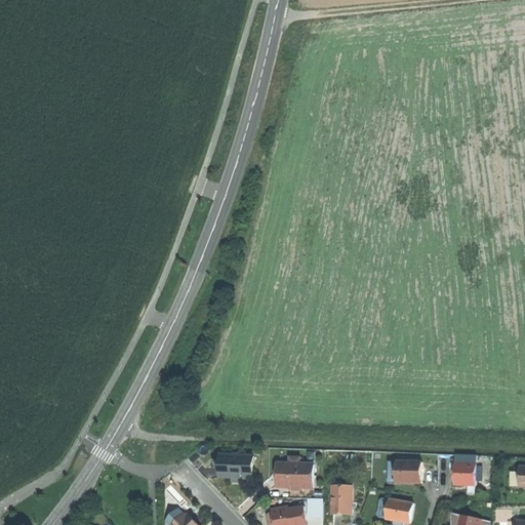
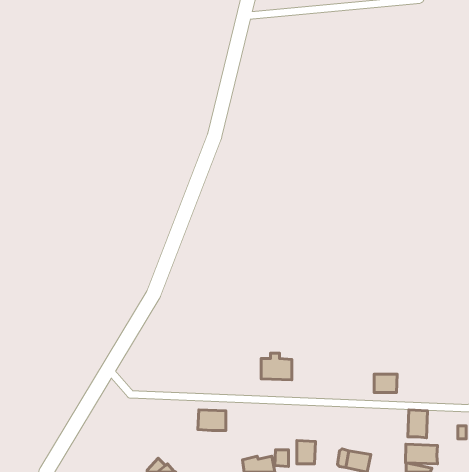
building: [277,457,311,487] -> [261,353,292,380]
building: [394,461,419,482] -> [374,374,397,393]
building: none -> [406,444,438,464]

